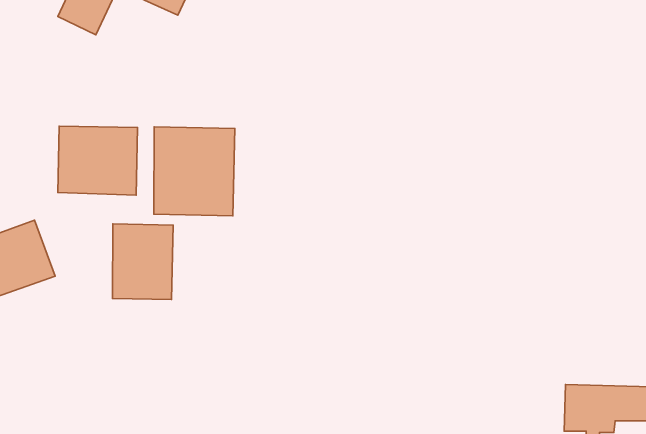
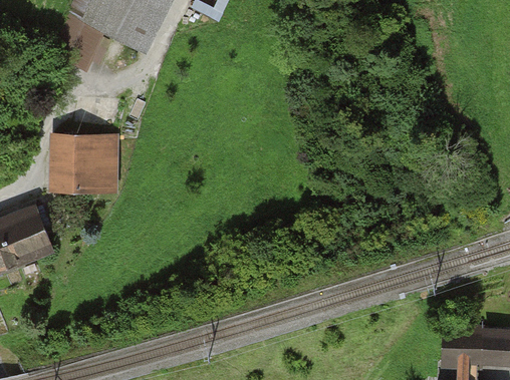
building: [154,127,235,216] -> none
building: [112,224,173,300] -> none

